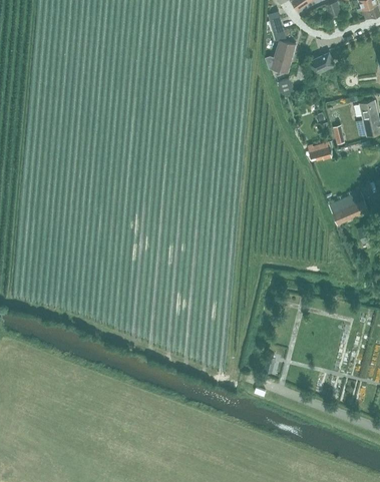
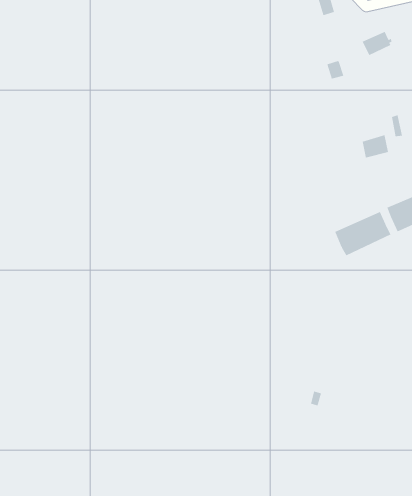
building: [274,40,296,72] -> none
building: none -> [334,211,391,256]

